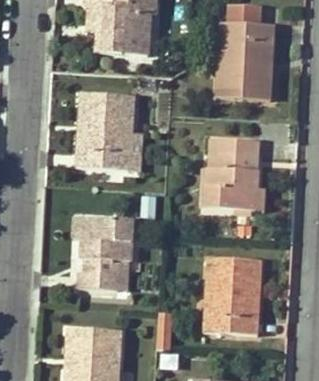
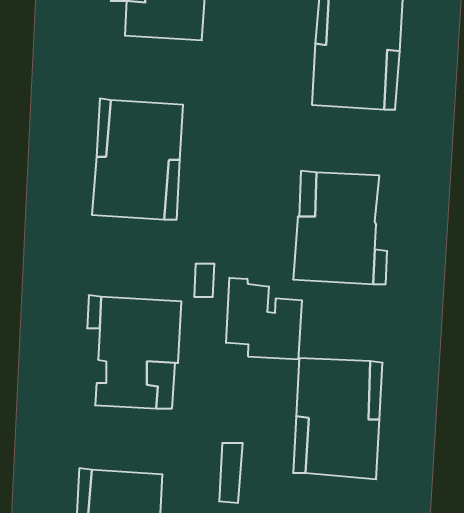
building: none -> [226,278,302,359]

